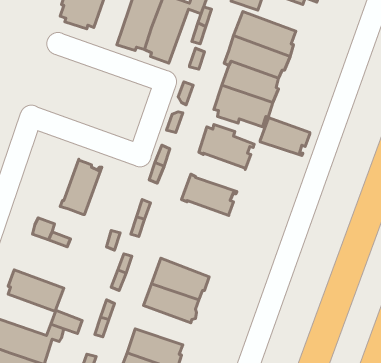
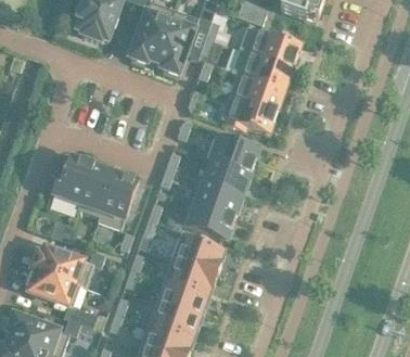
building: [260,118,310,156] -> [203,158,249,194]
building: none -> [51,156,93,203]
building: none -> [97,171,138,230]
building: none -> [182,202,234,240]
building: none -> [170,234,222,275]
building: none -> [30,246,104,288]
building: none -> [146,302,198,339]

